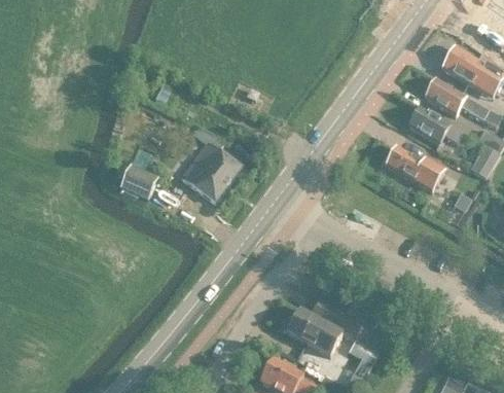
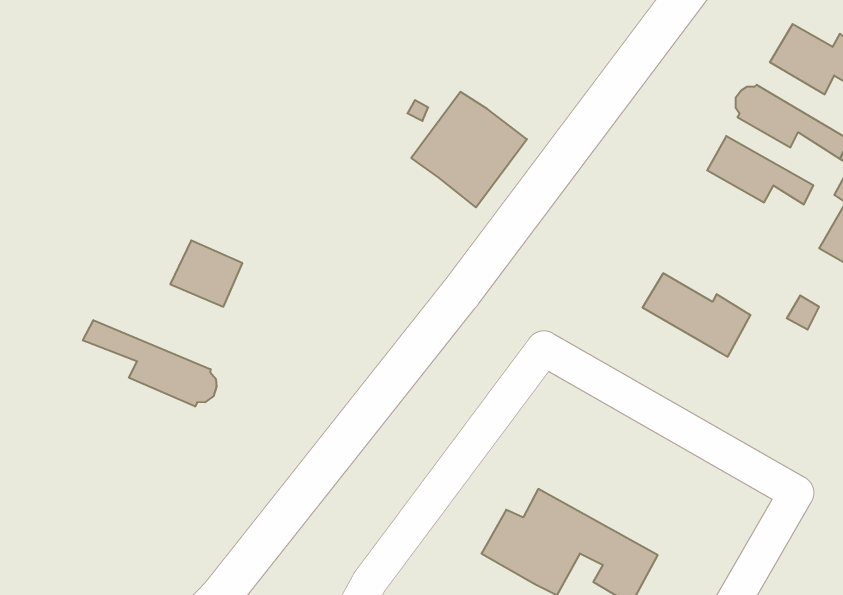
building: [179,139,242,202] -> [411,92,527,207]
building: [386,145,444,190] -> [642,273,751,357]
building: none -> [83,320,216,407]

